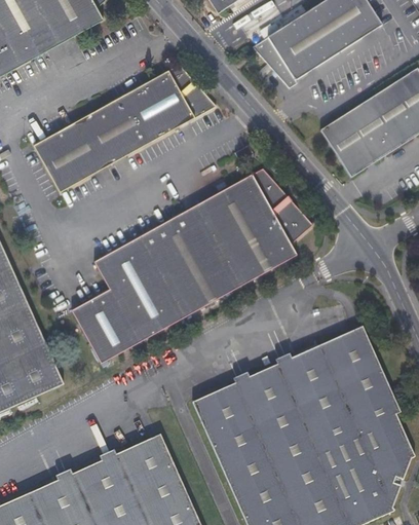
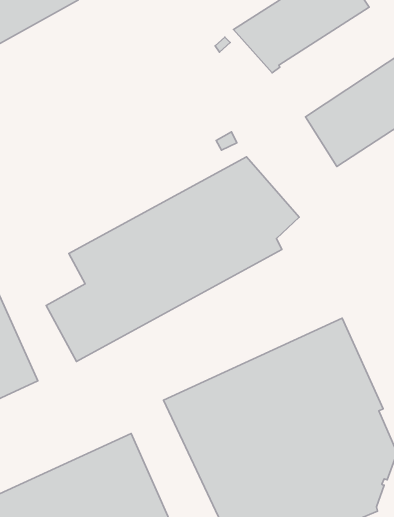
building: [35,65,219,194] -> none

